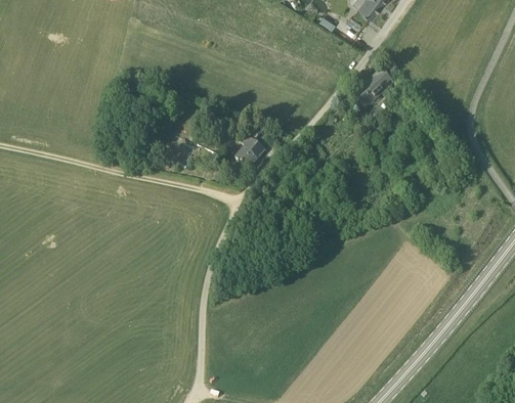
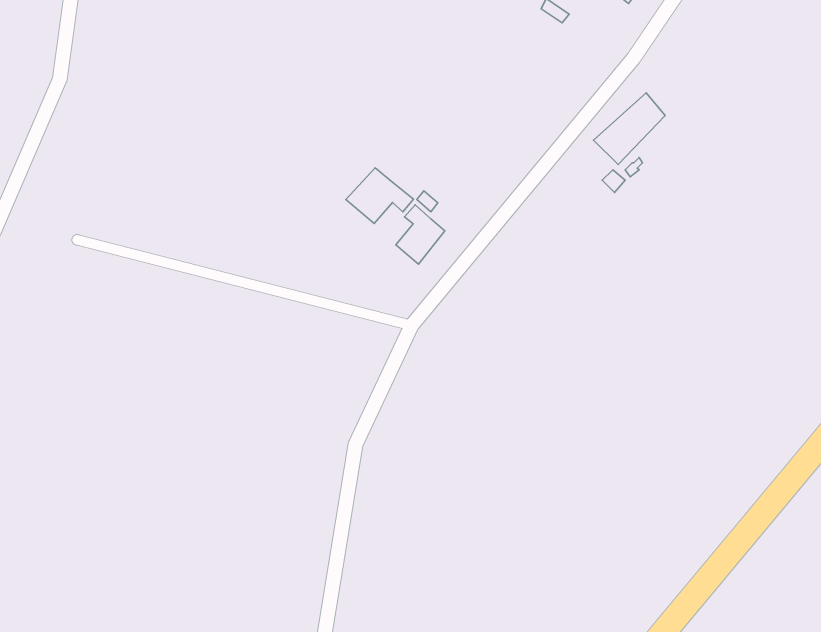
building: none -> [346,168,413,224]

